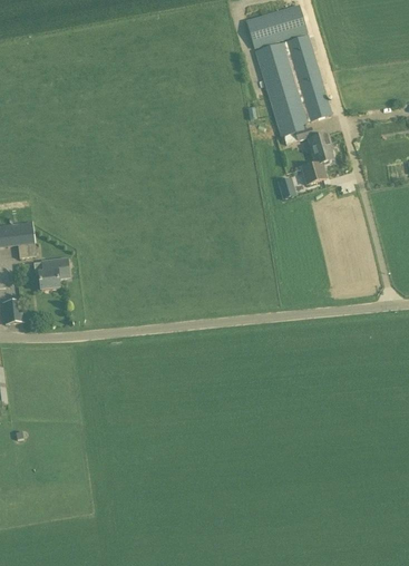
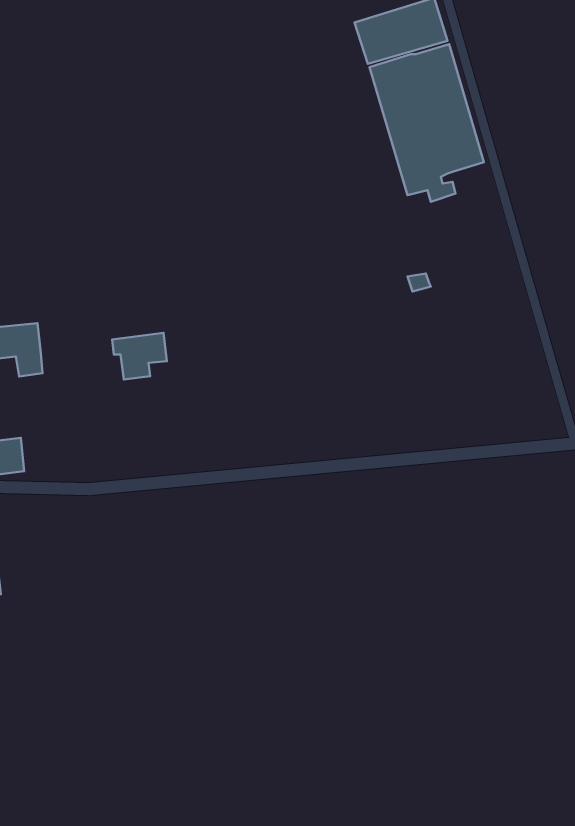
building: [301,134,332,184] -> none
building: [32,258,69,290] -> [112,333,167,379]

